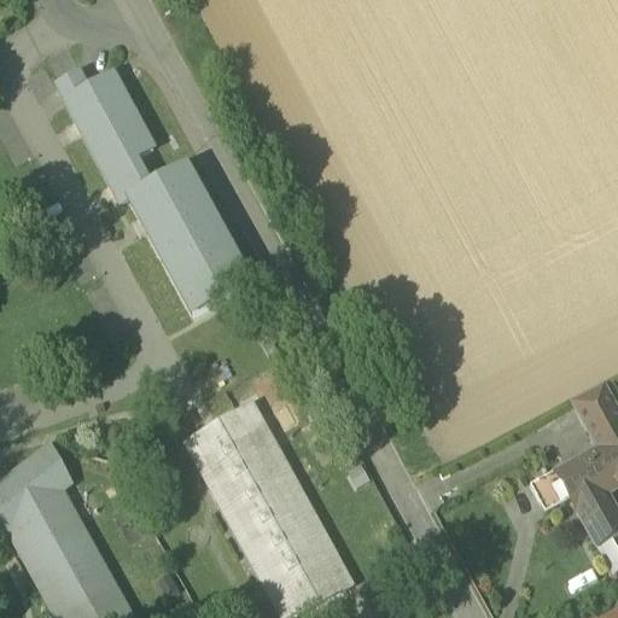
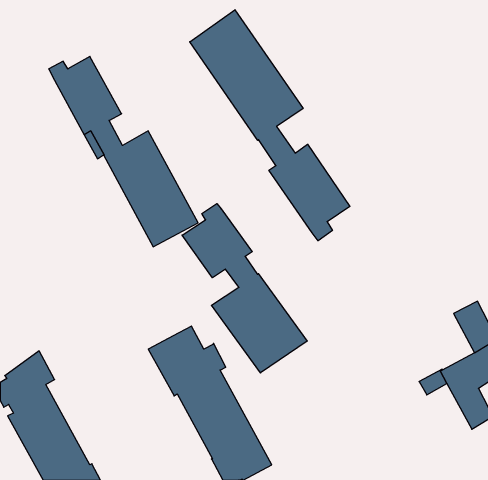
building: none -> [190,10,350,241]
building: none -> [182,204,307,373]

